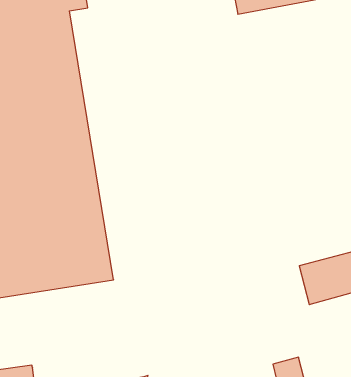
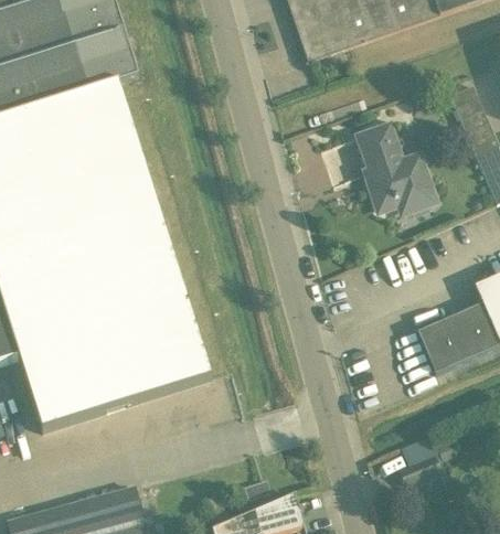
building: none -> [357,124,432,207]

